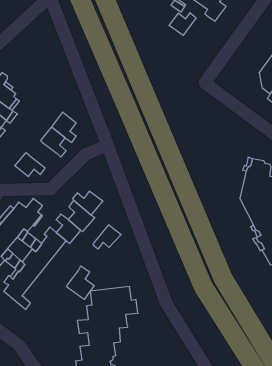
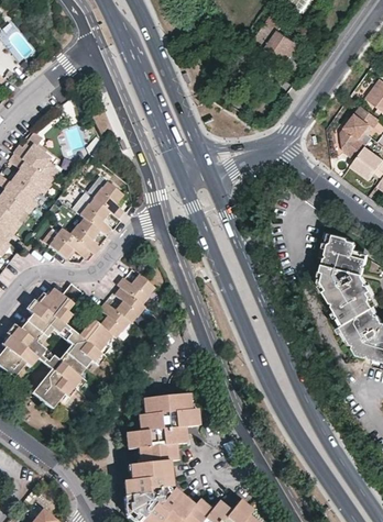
building: [169,13,196,35] -> none
building: none -> [68,218,99,254]
building: [93,225,121,249] -> none
building: [67,266,94,299] -> none

